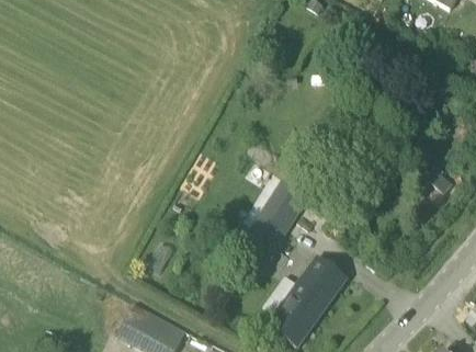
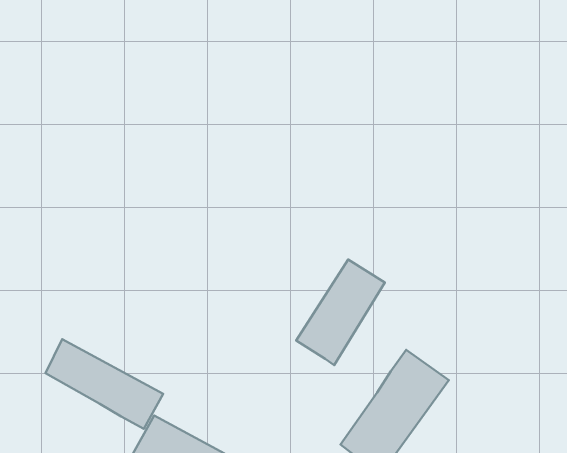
building: none -> [45,339,163,429]

